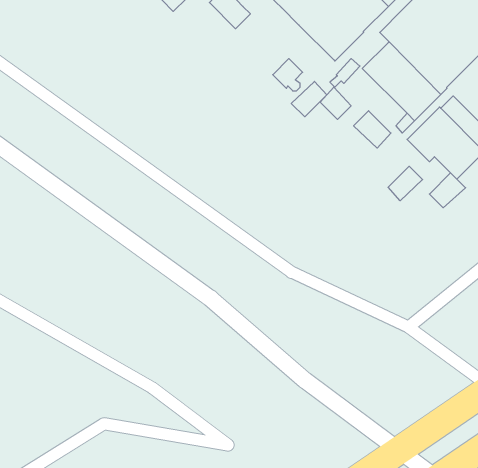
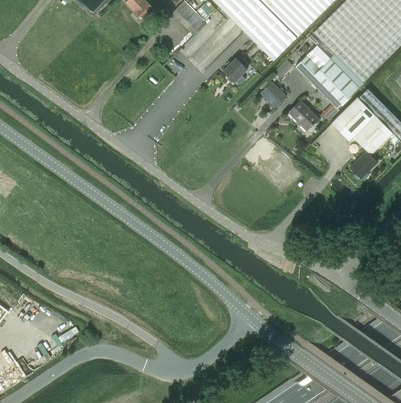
building: [291,81,327,117] -> none
building: [388,166,423,201] -> none

